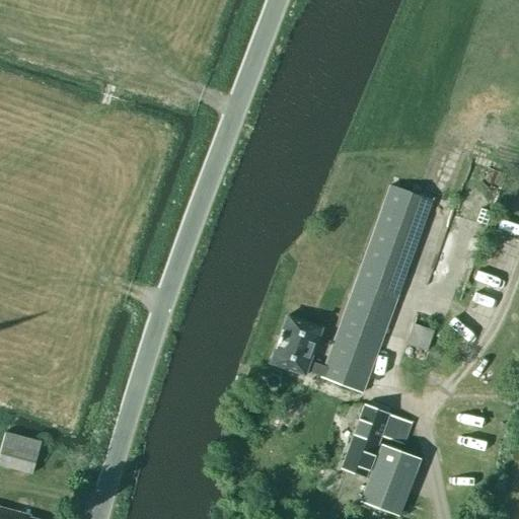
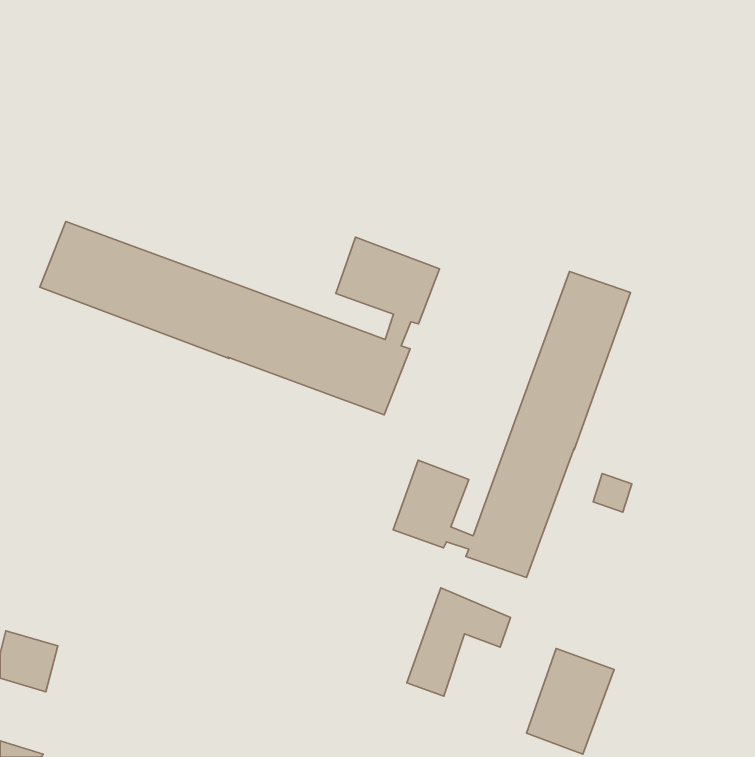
building: none -> [40,221,440,415]
building: [342,402,413,476] -> [407,588,511,696]

